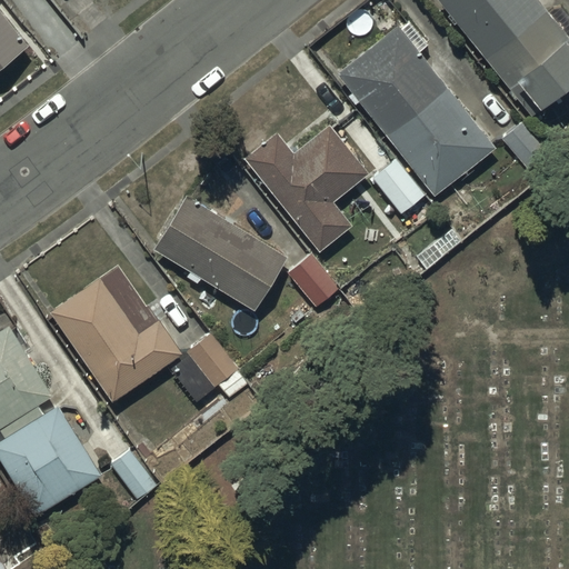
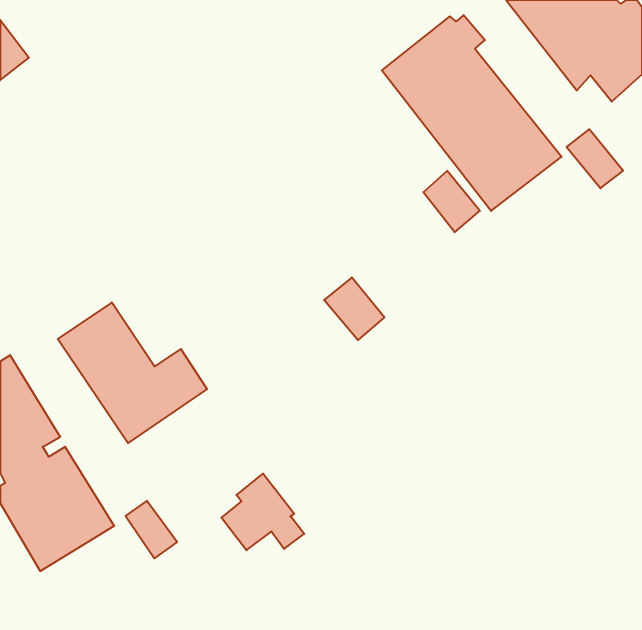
building: [246,126,368,251] -> none
building: [154,194,286,308] -> none
building: [173,335,247,402] -> [221,474,304,550]

